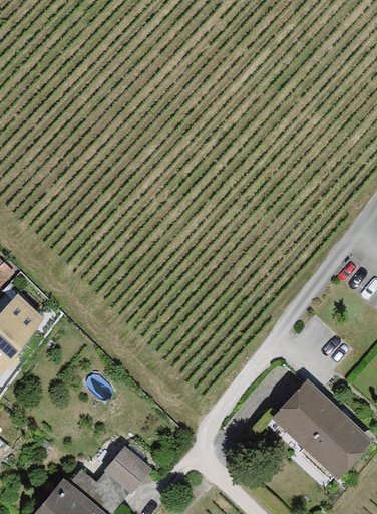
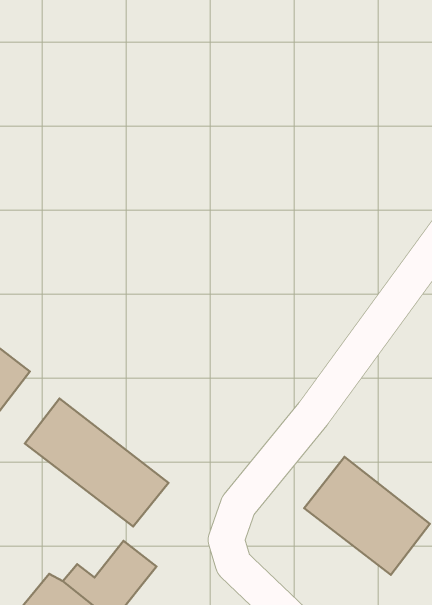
building: none -> [25,399,168,527]

